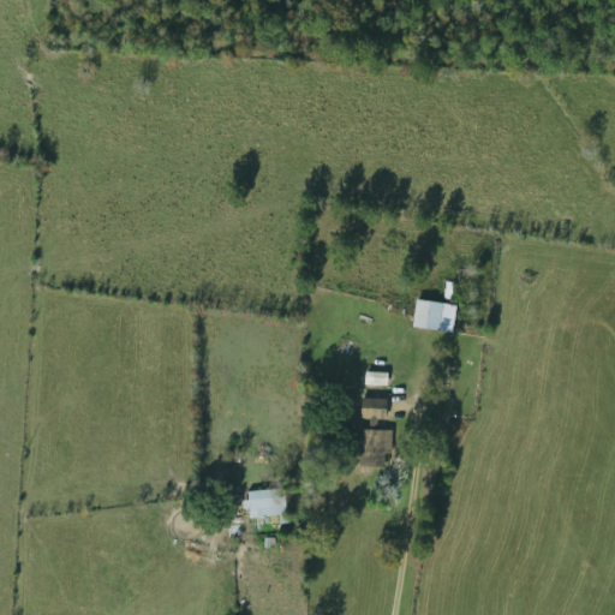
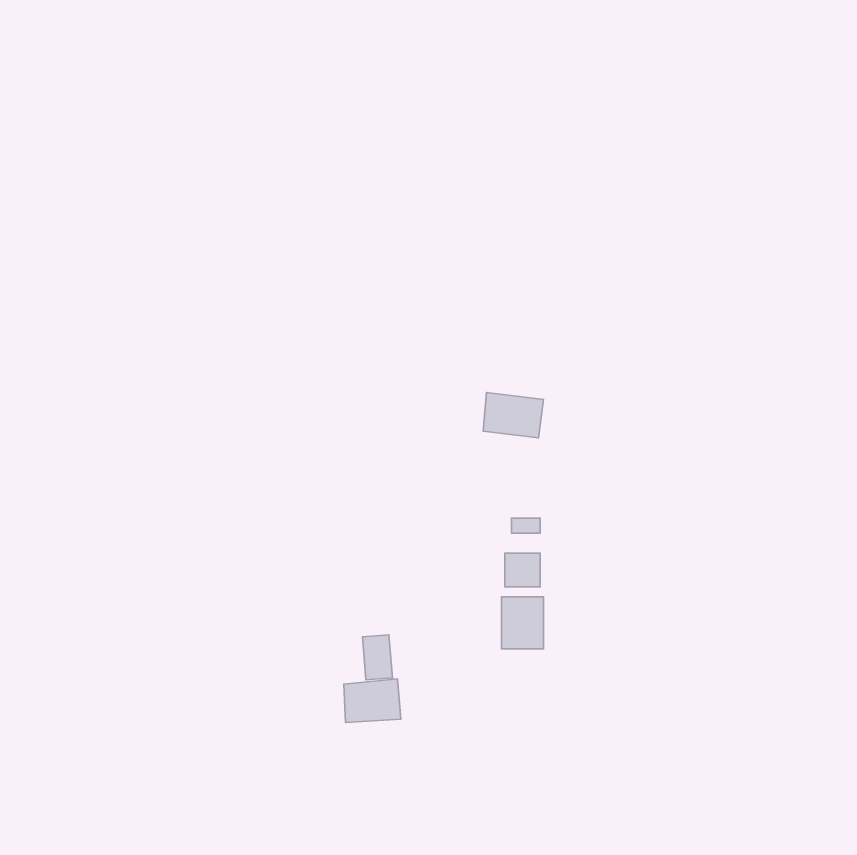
building: [413,298,456,330] -> [483,393,544,438]
building: none -> [362,635,392,680]

